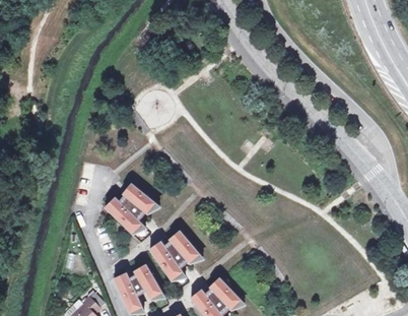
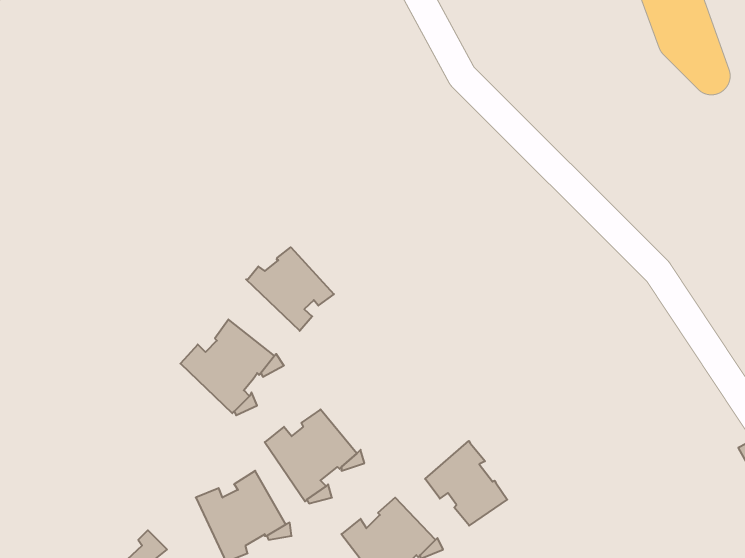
building: none -> [246,247,334,331]
building: none -> [425,441,507,526]

